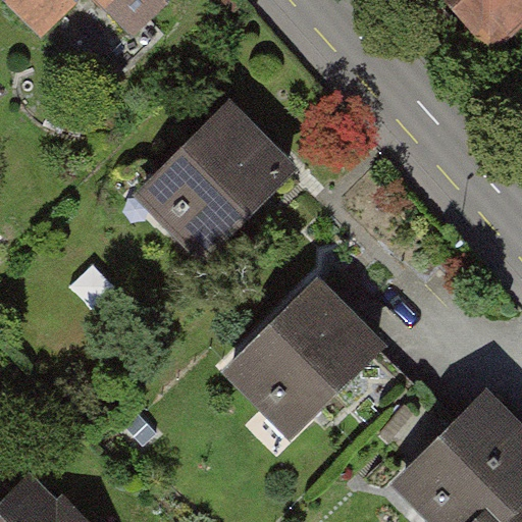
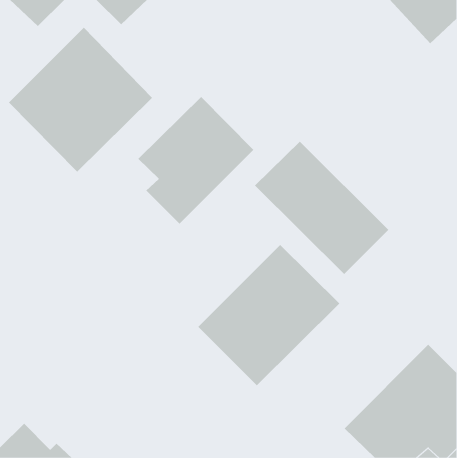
building: none -> [8,27,153,172]
building: none -> [254,141,389,275]

